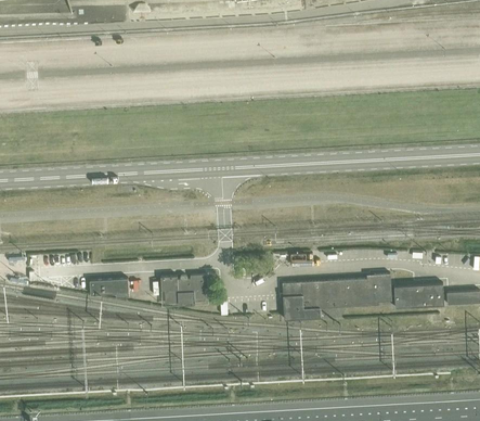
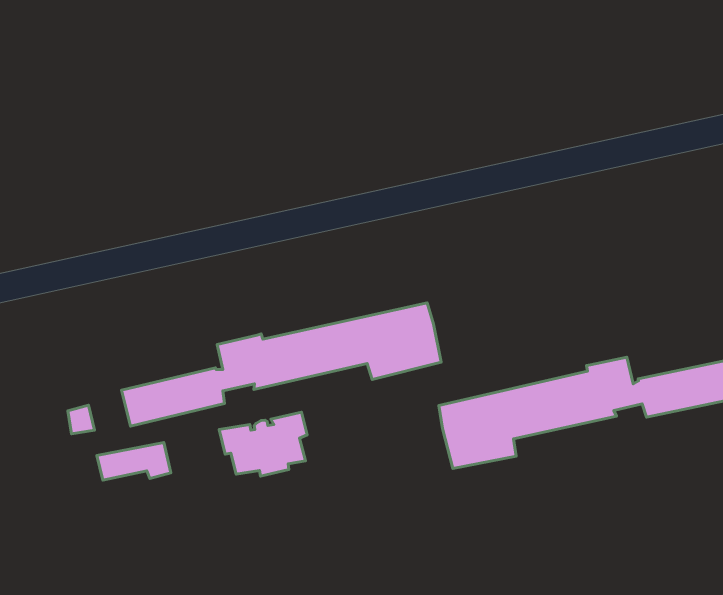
building: none -> [121,303,441,426]

